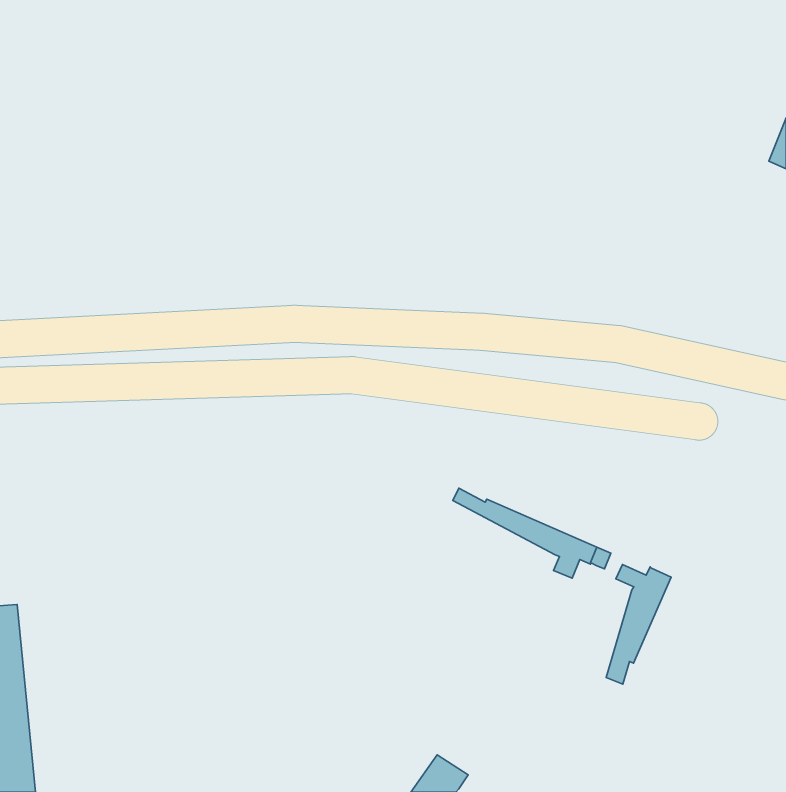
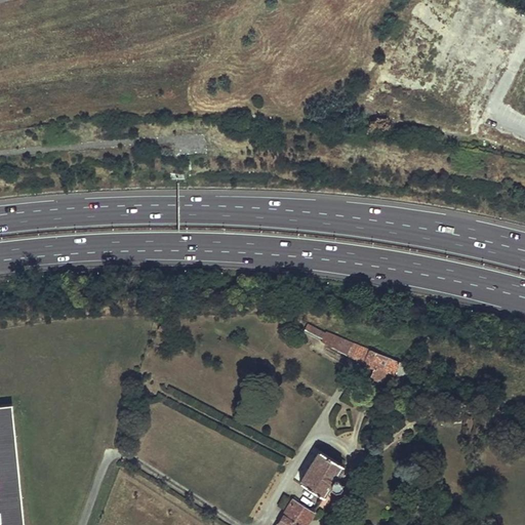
building: [606,565,671,684] -> none
building: none -> [295,450,338,496]

